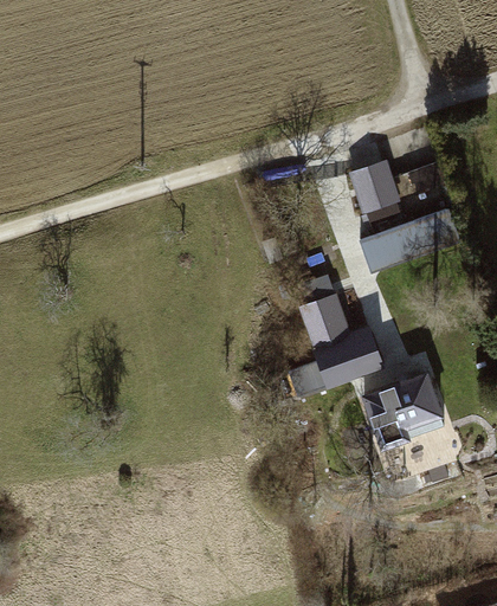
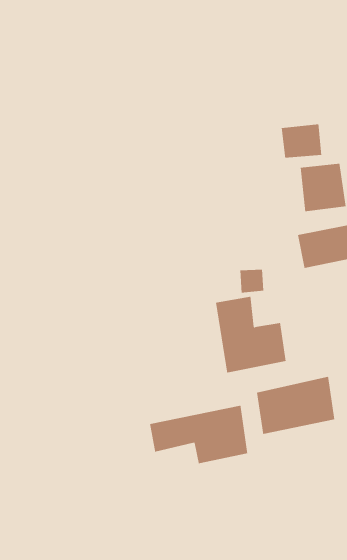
building: none -> [281,123,322,159]
building: none -> [149,405,248,464]

